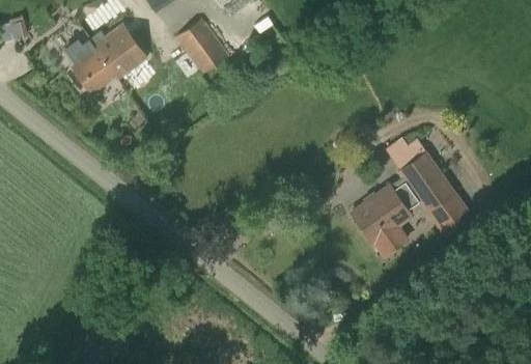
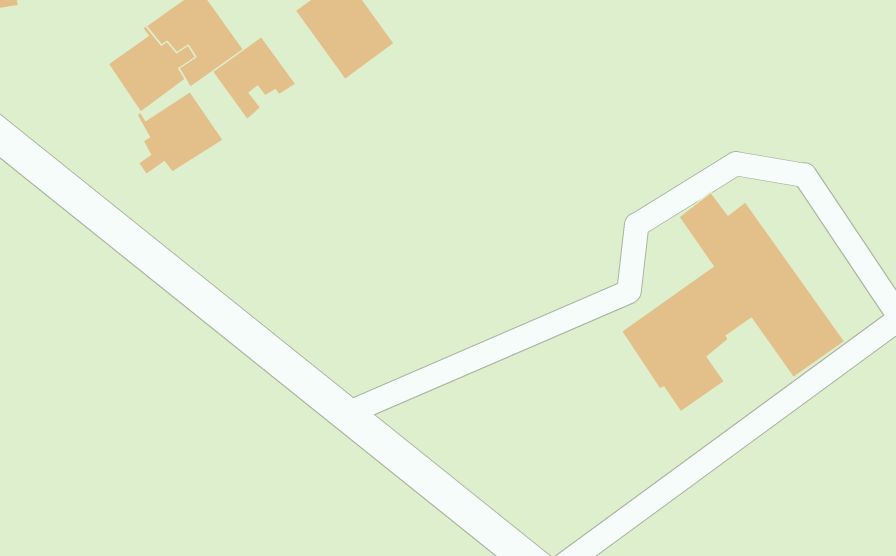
building: none -> [212,36,296,119]
building: none -> [137,92,223,180]

